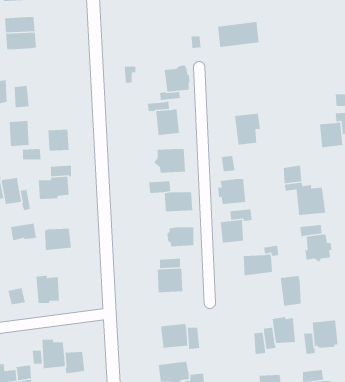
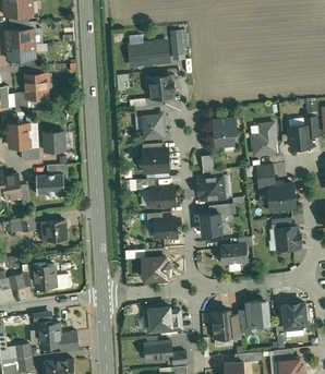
building: [217,21,260,48] -> [130,41,168,65]
building: none -> [25,74,50,99]
building: none -> [252,123,277,156]
building: [280,275,302,306] -> [212,311,231,339]

